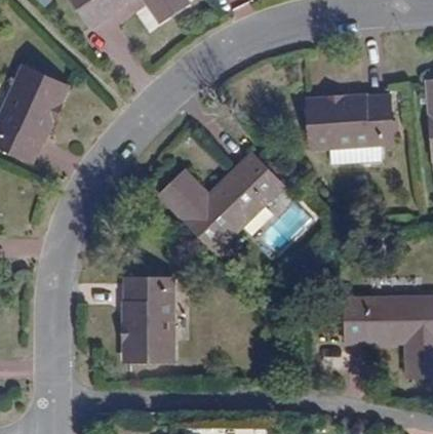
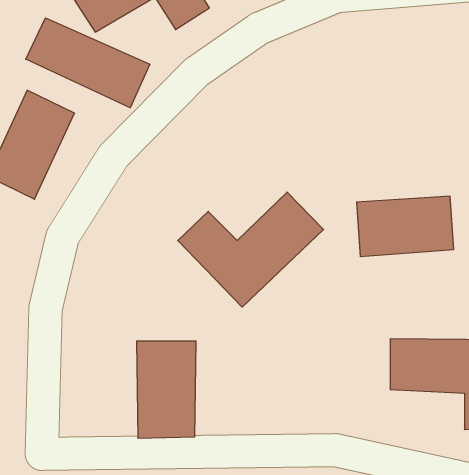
building: none -> [26,18,150,108]
building: [309,101,391,152] -> [357,196,454,257]

